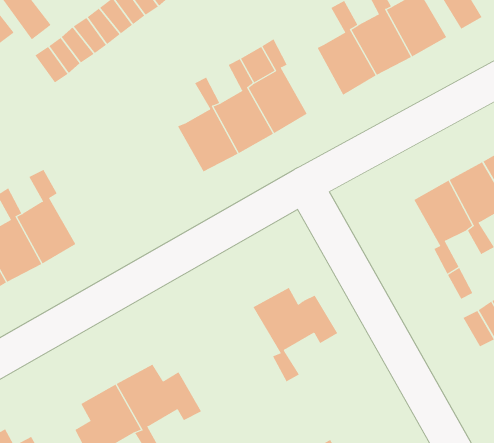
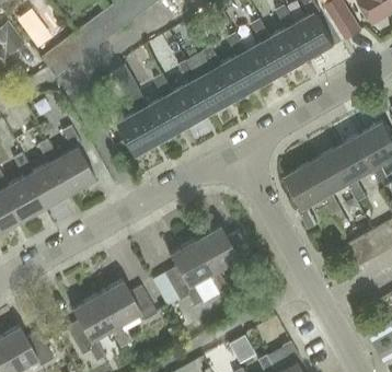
building: none -> [216,34,260,102]
building: none -> [113,67,160,158]
building: none -> [46,127,94,195]
building: none -> [285,163,328,230]
building: none -> [165,240,215,306]

